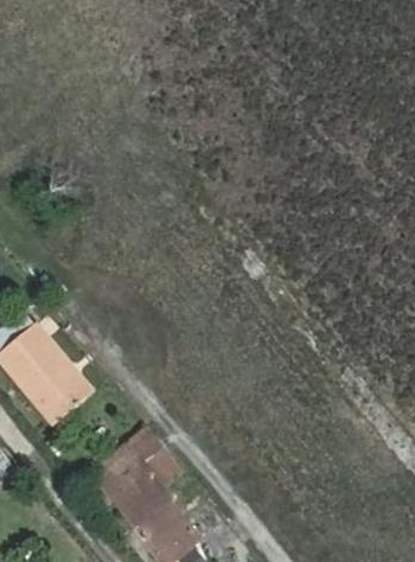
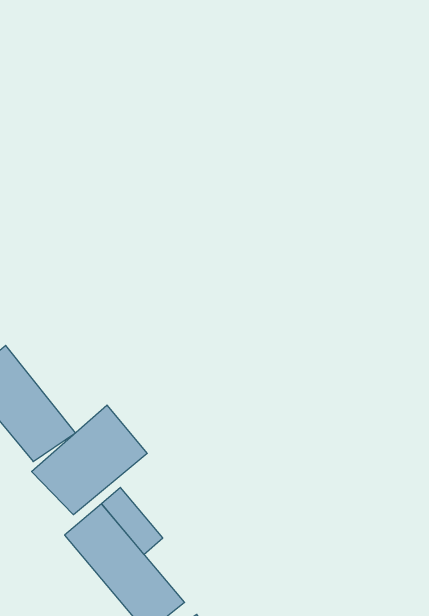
building: none -> [32,405,147,515]

